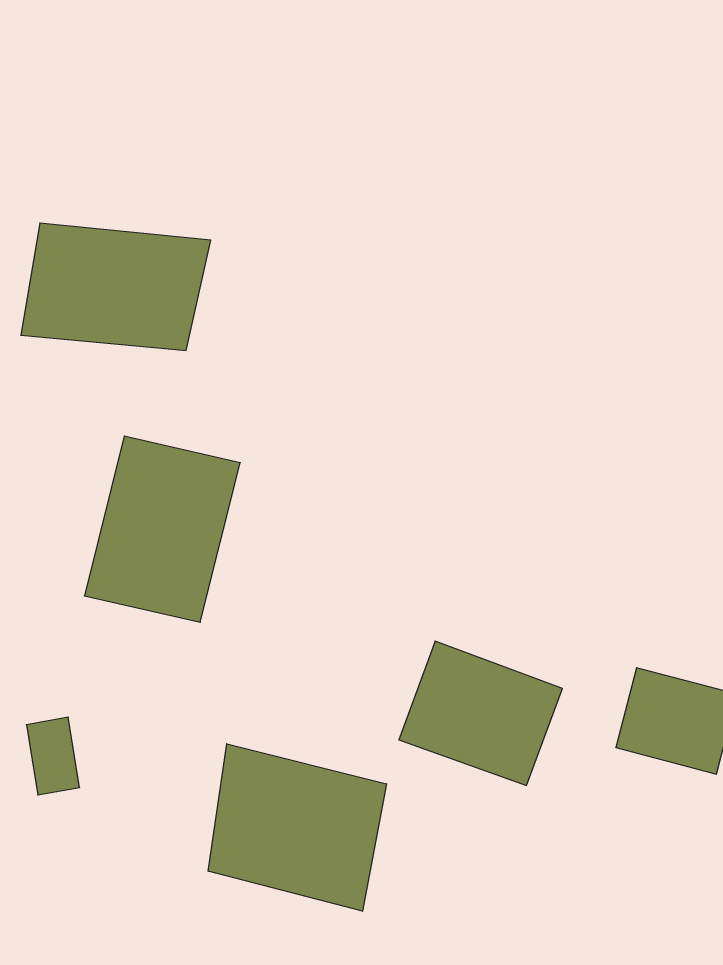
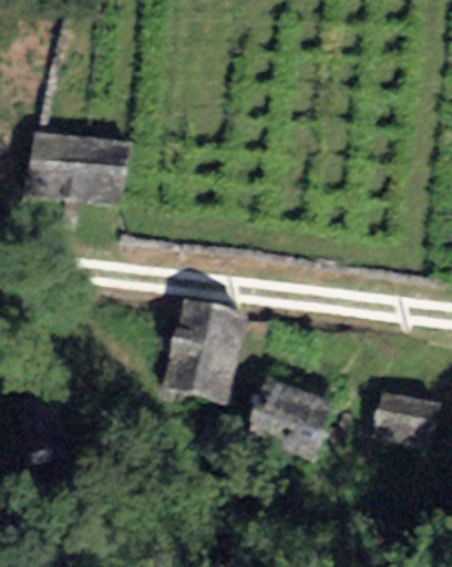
building: [84,436,240,622] -> [160,296,250,404]
building: [208,744,387,911] -> none

